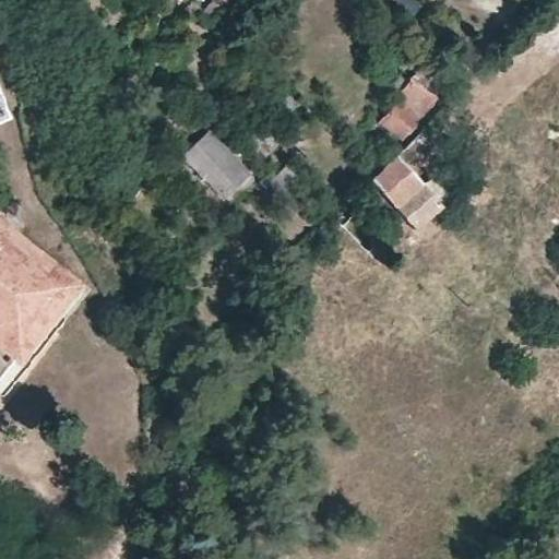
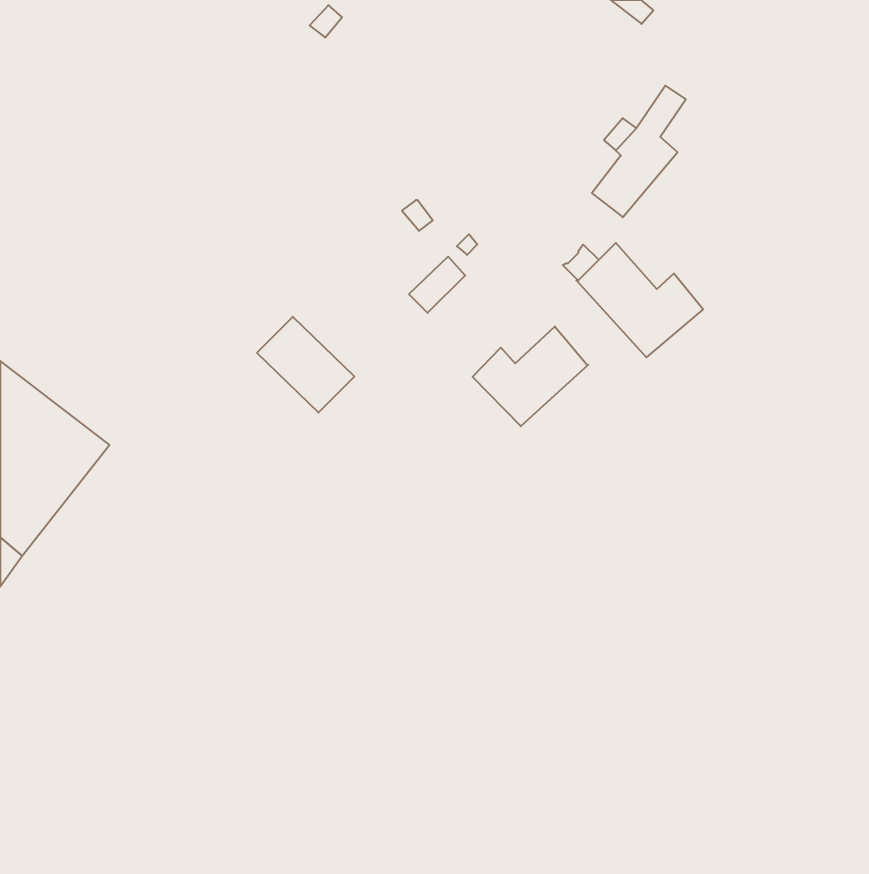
building: [186,135,248,197] -> [257,317,354,413]
building: none -> [473,326,588,426]

